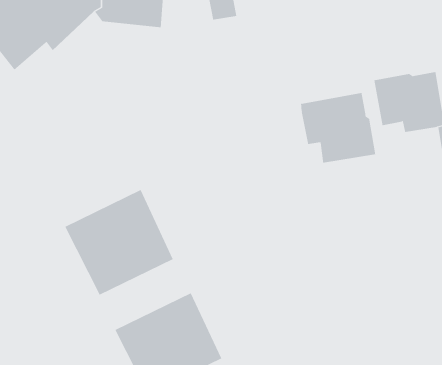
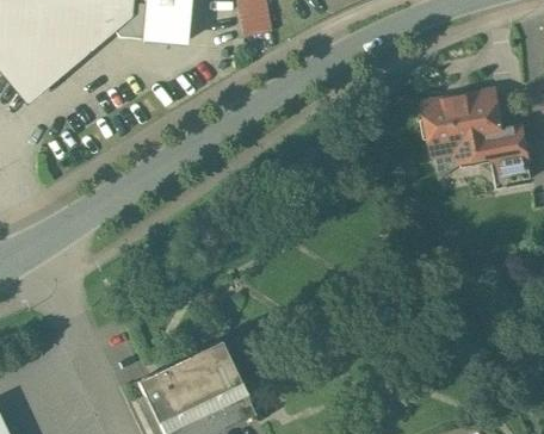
building: [300,92,376,164] -> none
building: [65,189,173,296] -> none

